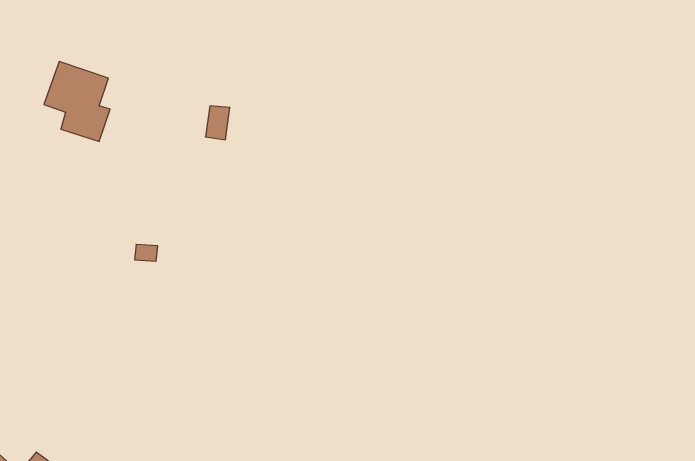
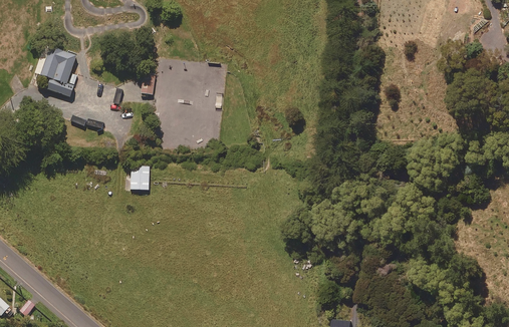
building: none -> [129,167,148,191]

